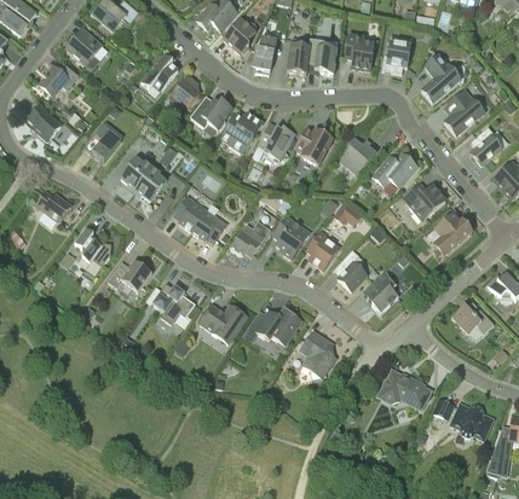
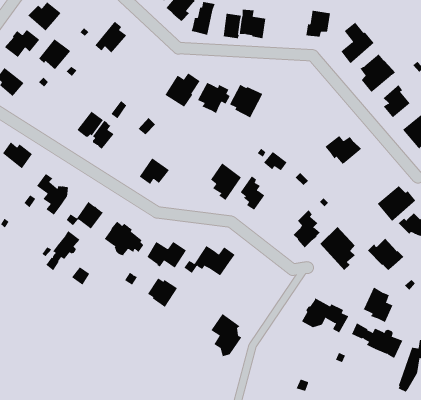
building: [345,35,374,70] -> none
building: [169,74,201,108] -> none
building: [190,95,232,129] -> none
building: [85,124,122,161] -> [38,38,71,70]
building: [340,139,376,175] -> none
building: [373,153,417,186] -> none
building: [177,196,207,231] -> none
building: [427,211,472,255] -> [377,184,416,222]
building: [231,220,271,256] -> none
building: [338,249,368,291] -> none
building: none -> [320,226,356,271]
building: none -> [45,230,80,271]
building: [300,330,336,379] -> [210,313,242,357]
building: none -> [147,277,178,308]
building: none -> [363,287,393,323]

